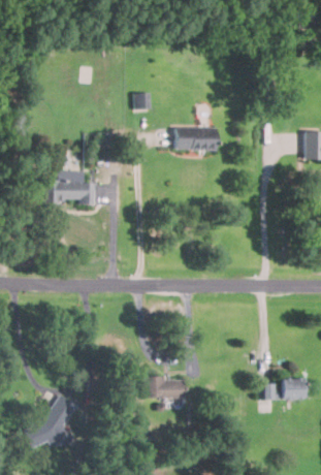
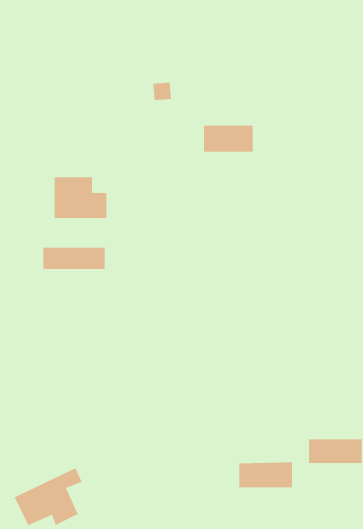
building: none -> [43,247,105,270]
building: [146,376,189,397] -> [238,462,293,488]

